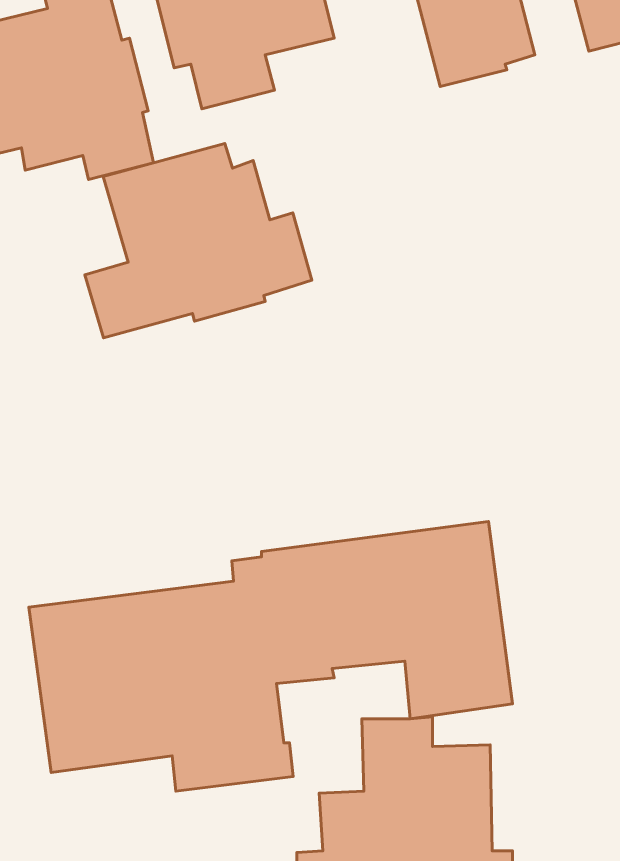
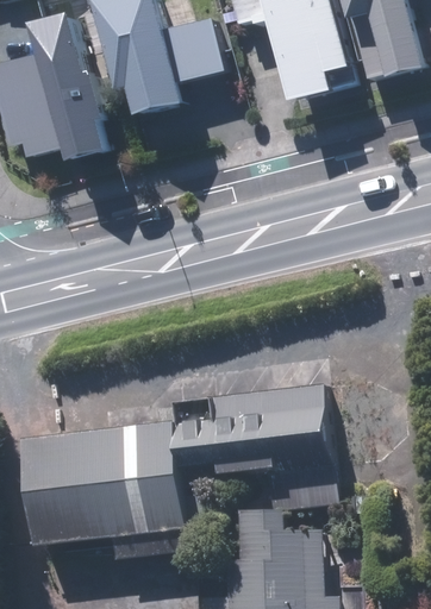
building: [85,144,312,338] -> none

